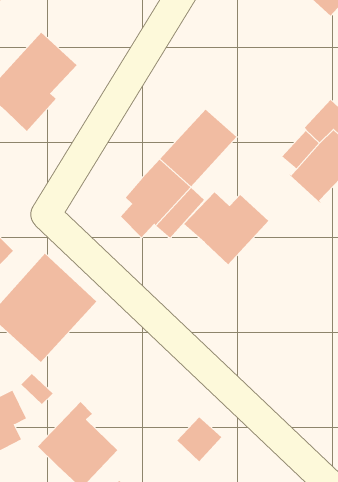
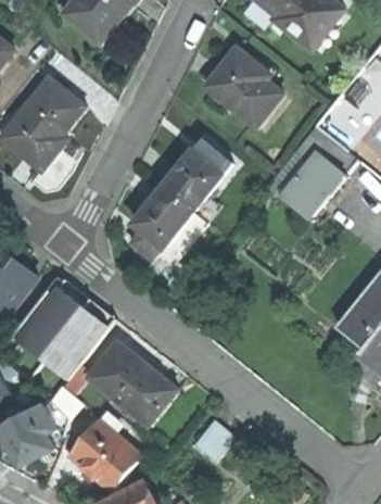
building: none -> [204,49,281,127]
building: [183,191,269,265] -> none
building: none -> [89,343,174,425]

